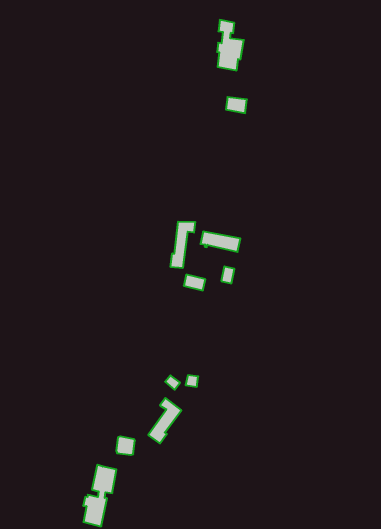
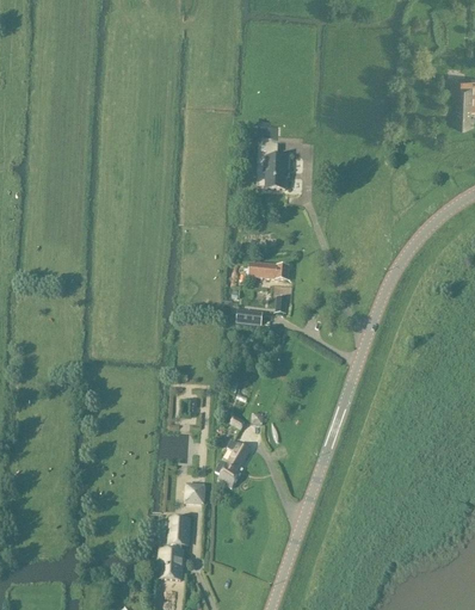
building: [217,20,244,70] -> [261,140,289,190]
building: [171,222,195,268] -> none

